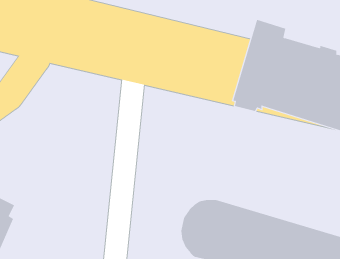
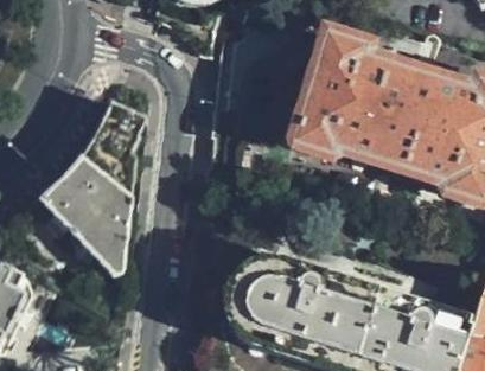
building: none -> [31,103,145,276]

